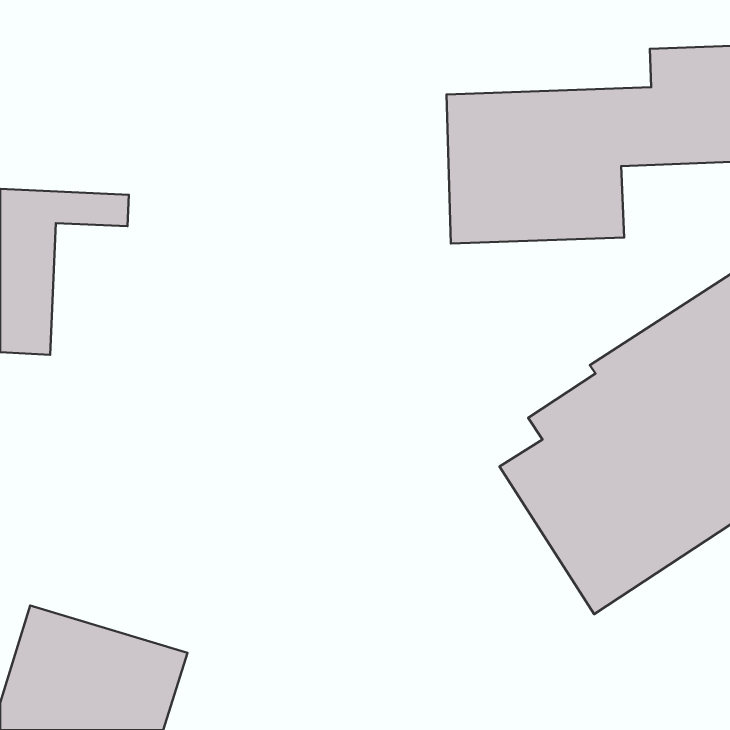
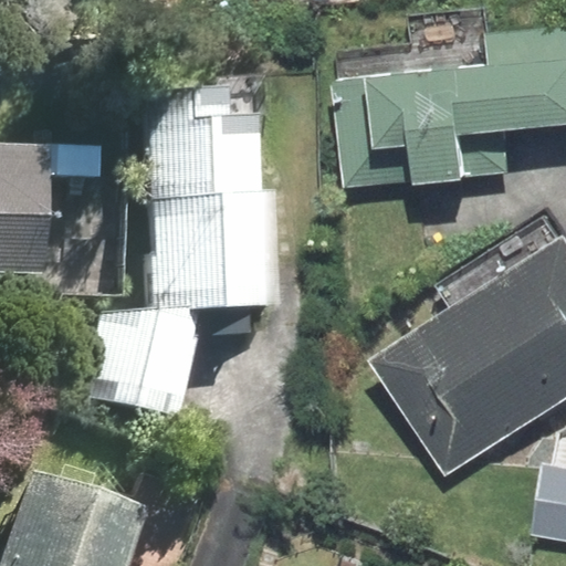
building: none -> [147,91,271,302]
building: none -> [86,308,197,412]

